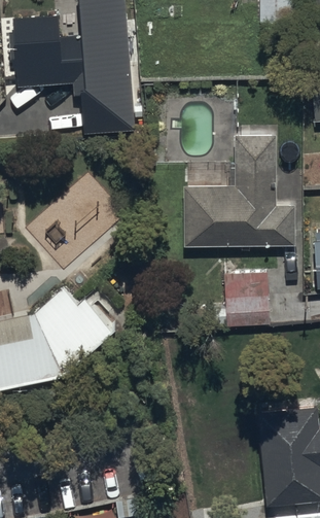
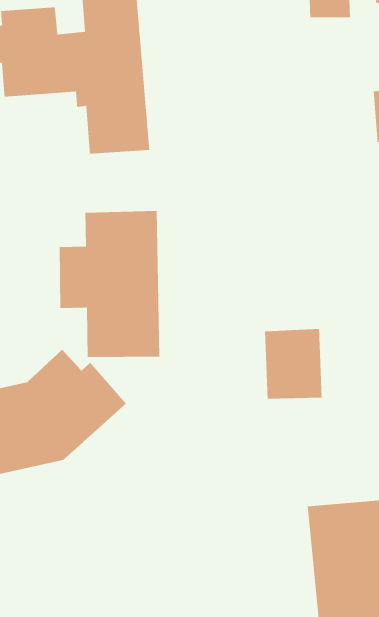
building: [184,134,295,246] -> none
building: none -> [59,210,160,358]

